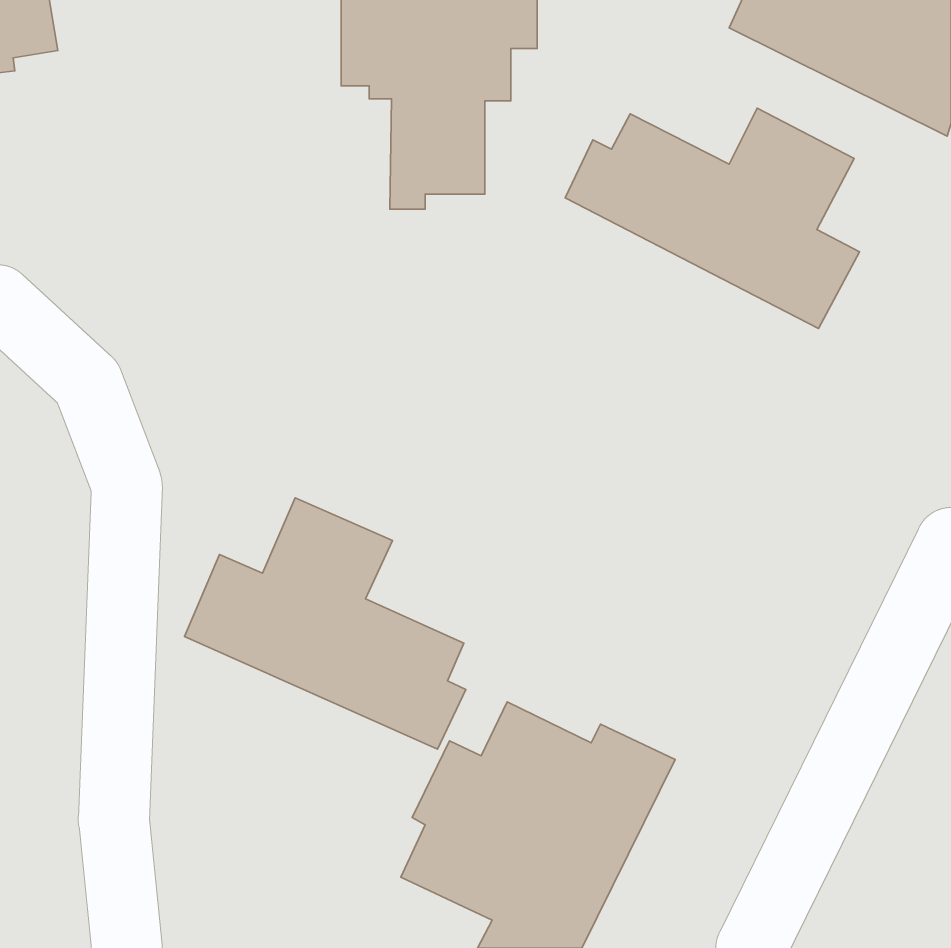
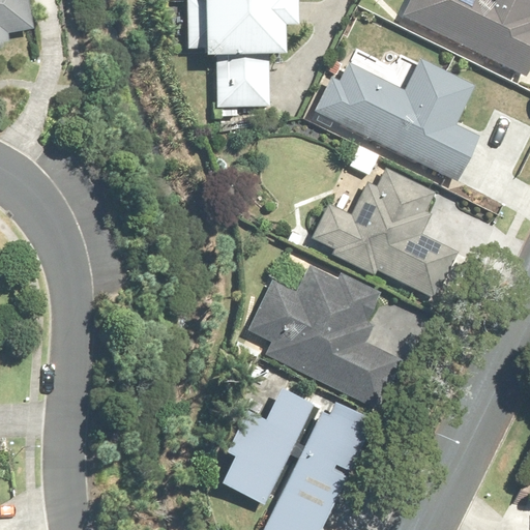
building: none -> [313,169,461,298]
building: none -> [248,268,404,401]
building: [185,498,466,749] -> none

